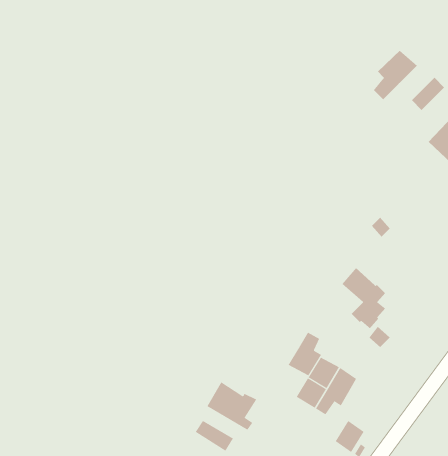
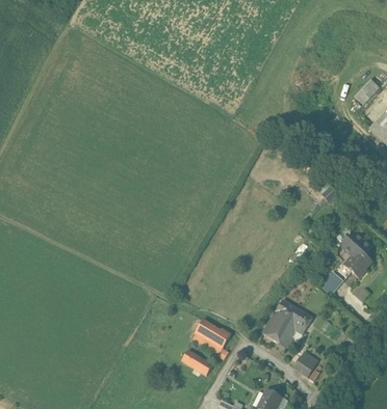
building: [373,50,418,100] -> none
building: [342,267,386,329] -> [337,226,372,276]
building: [288,332,322,376] -> none

